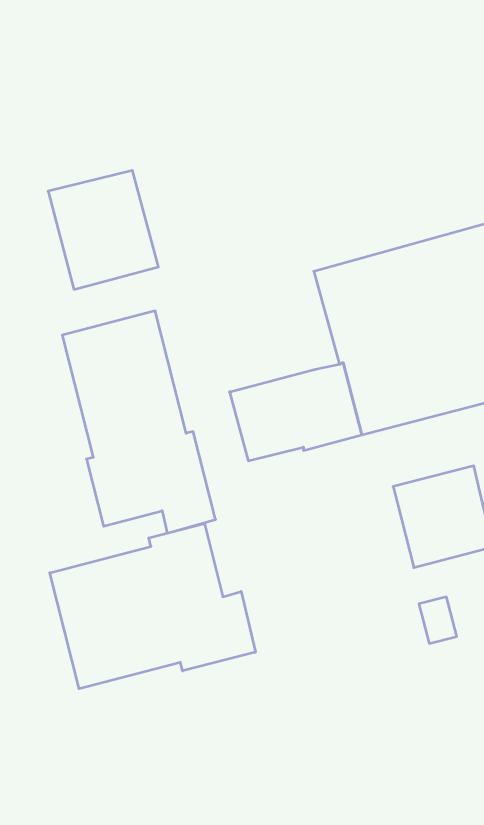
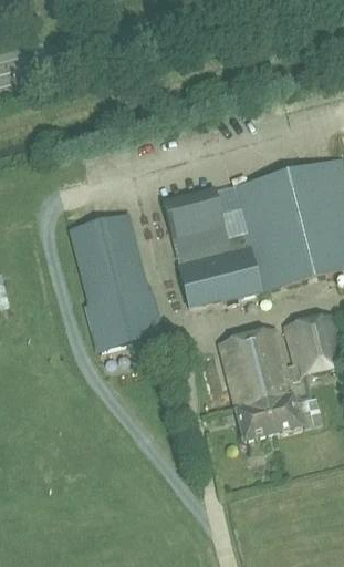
building: [48,171,158,289] -> [161,187,232,264]
building: none -> [220,331,301,439]
building: [50,524,255,689] -> none

